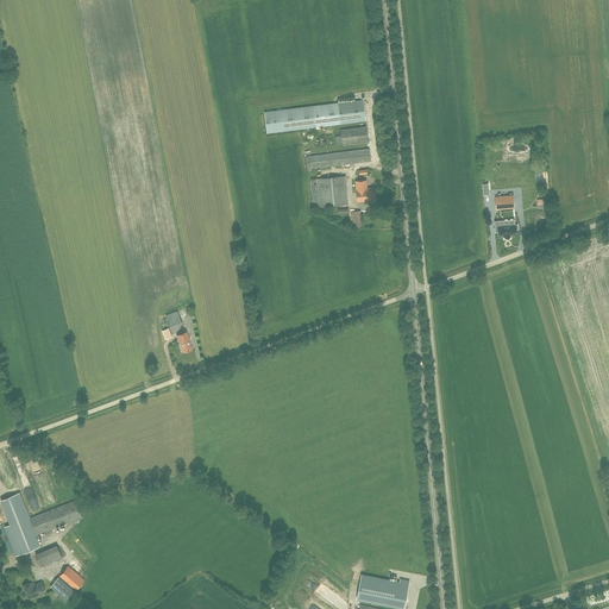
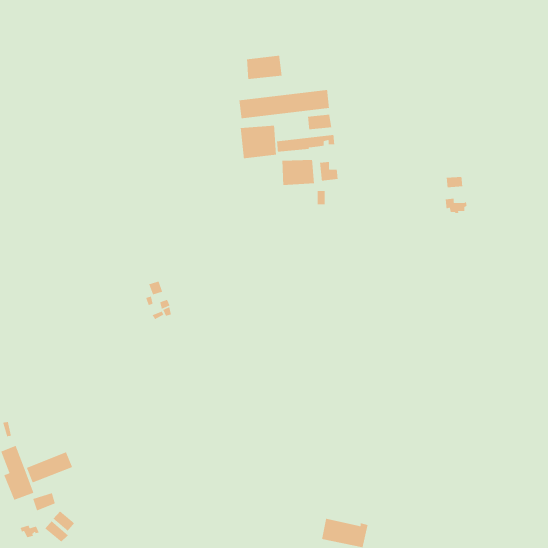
building: none -> [246,55,283,80]
building: none -> [240,125,277,159]

